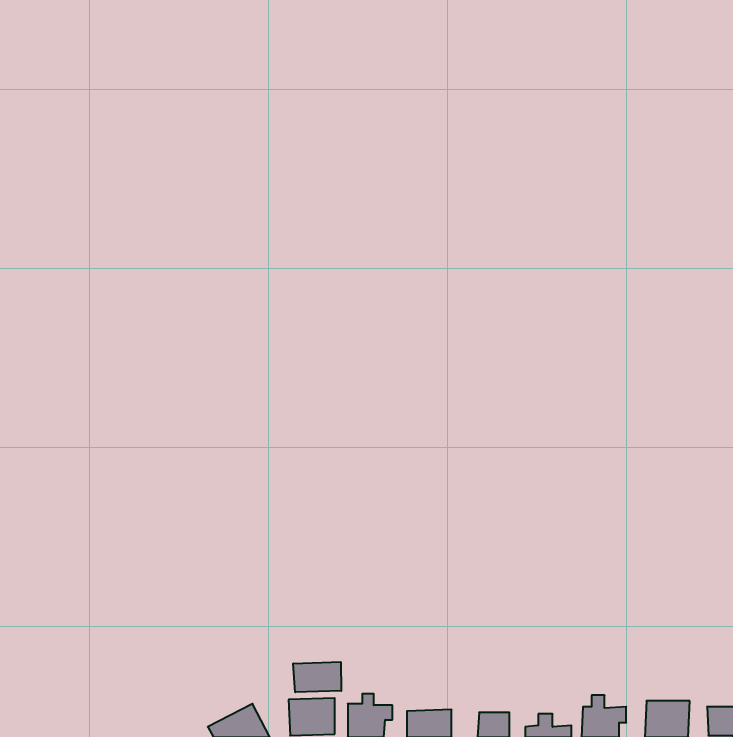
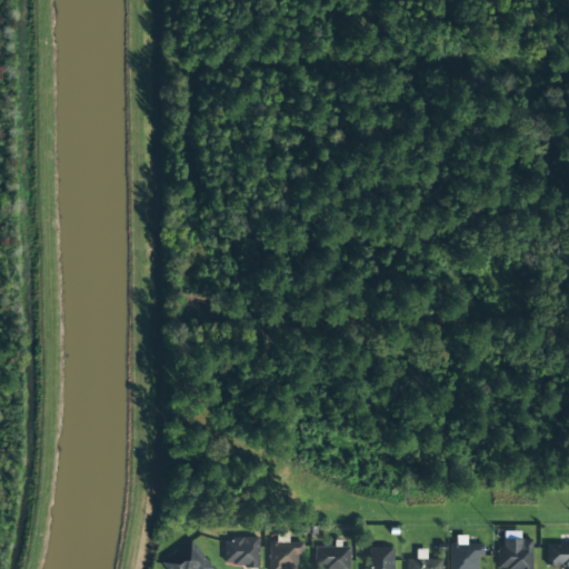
building: [293,662,341,692] -> none

